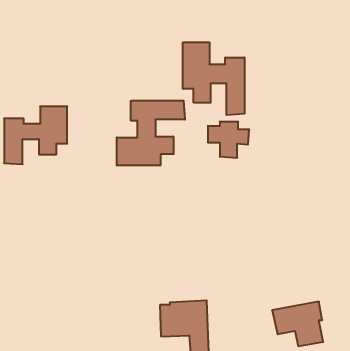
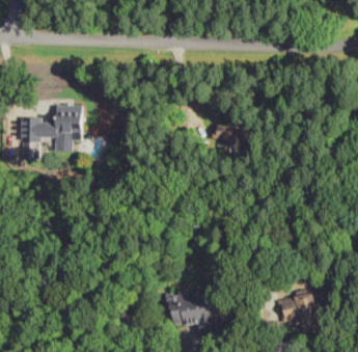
building: [183,42,244,115] -> none
building: [117,101,185,165] -> none

